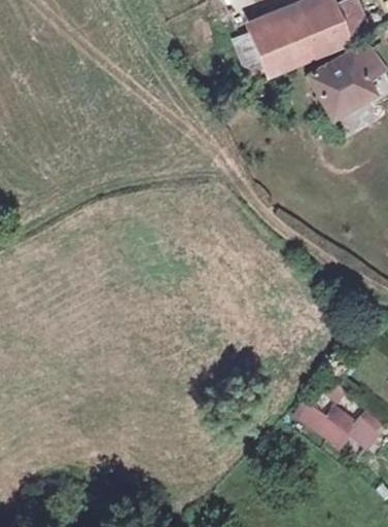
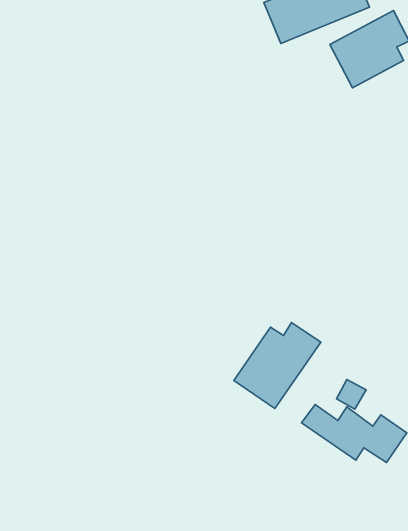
building: none -> [234,322,321,409]

